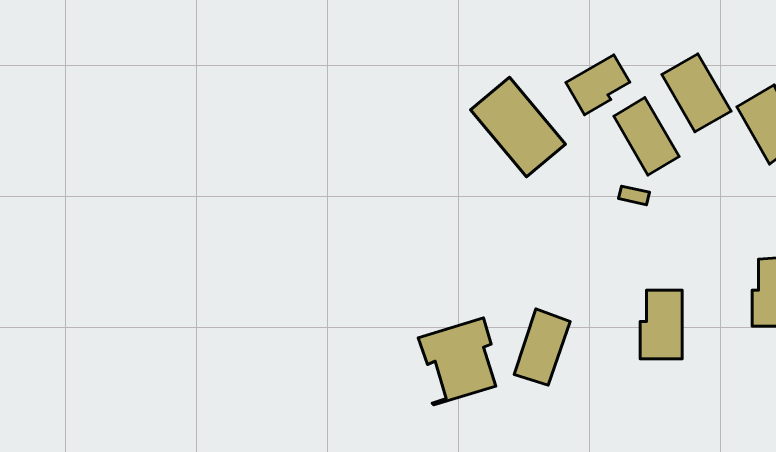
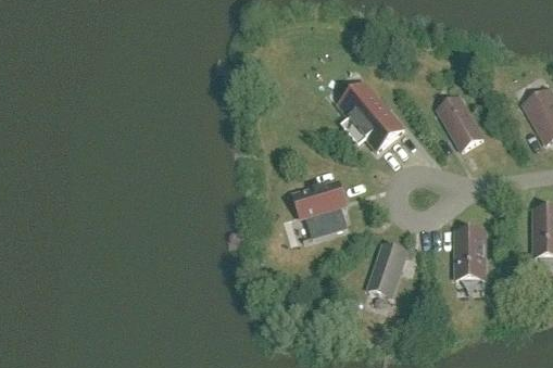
building: [662,54,731,132] -> none
building: [566,55,630,115] -> none
building: [418,318,496,405] -> [292,179,347,240]

